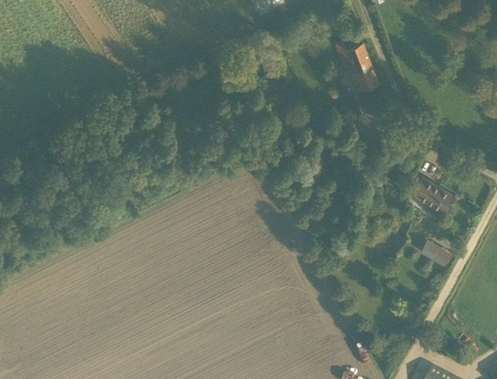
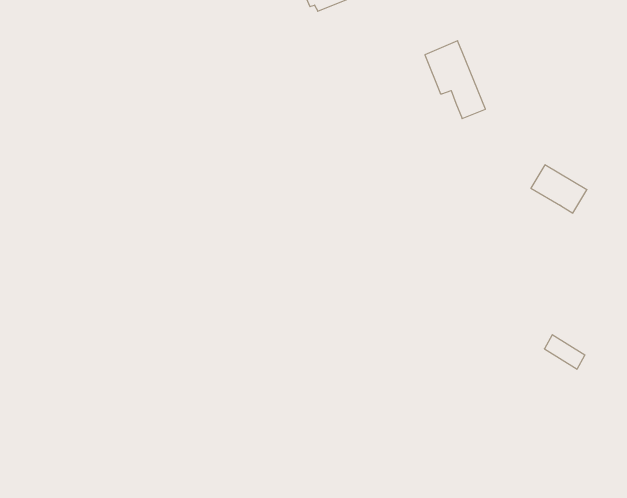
building: [412,174,451,208] -> [531,165,587,213]

